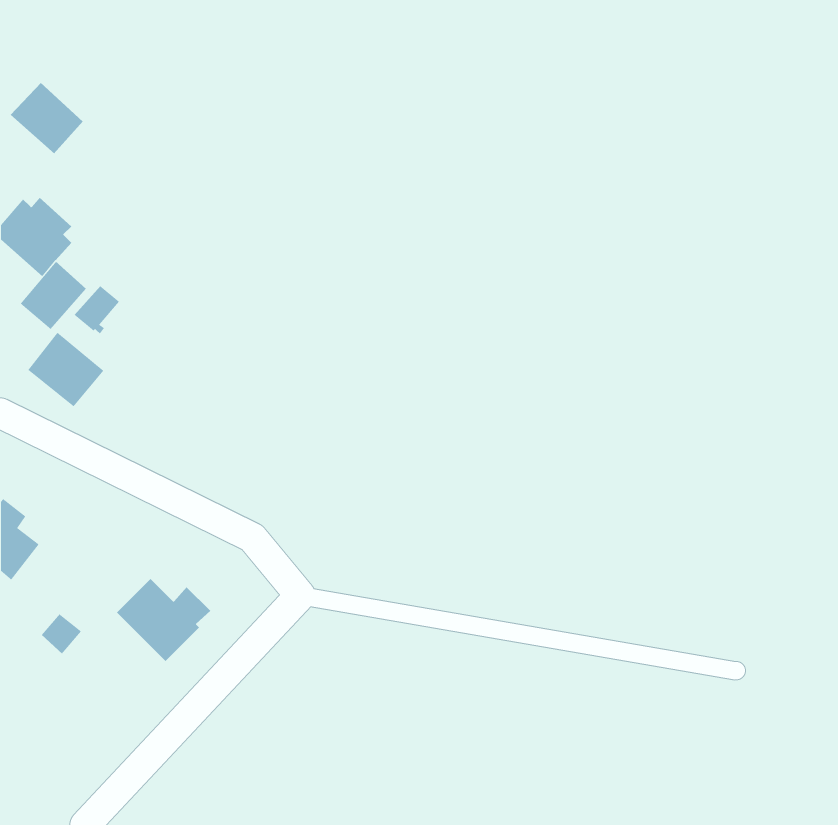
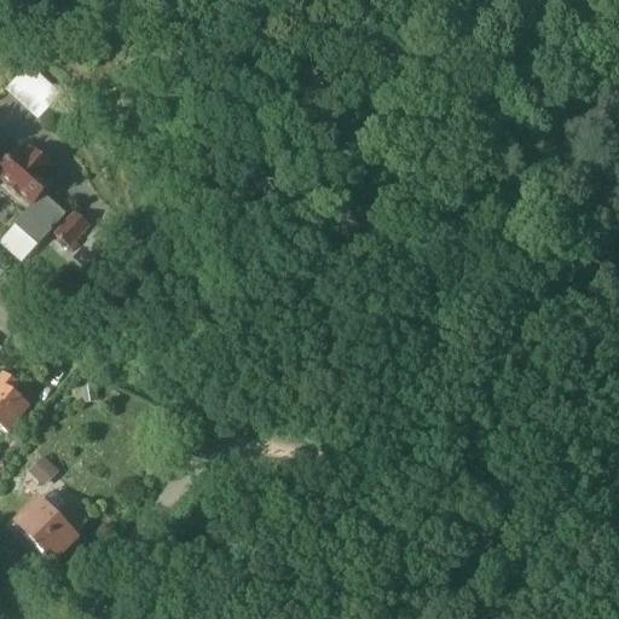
building: [27,332,104,407] -> none
building: [116,578,211,662] -> [15,497,85,559]

